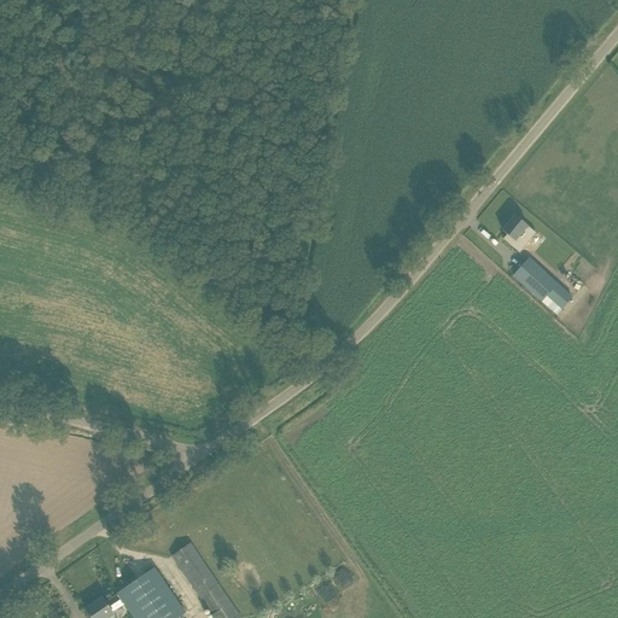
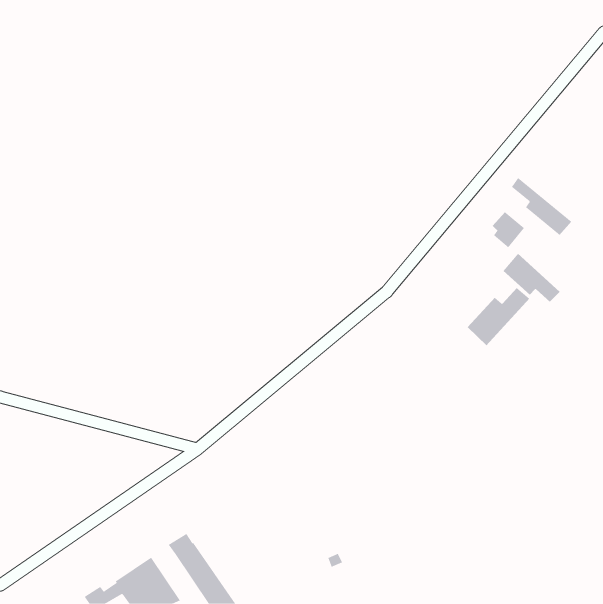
building: none -> [511,177,572,236]
building: none -> [467,287,530,346]

